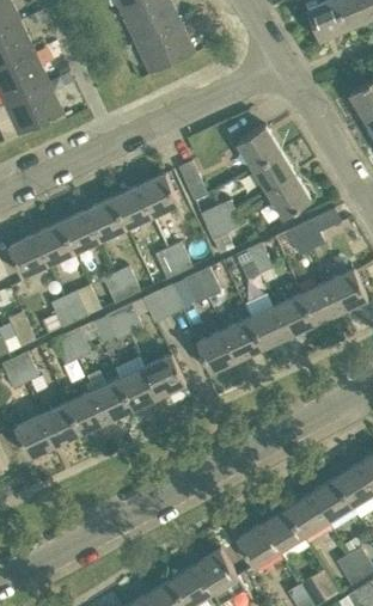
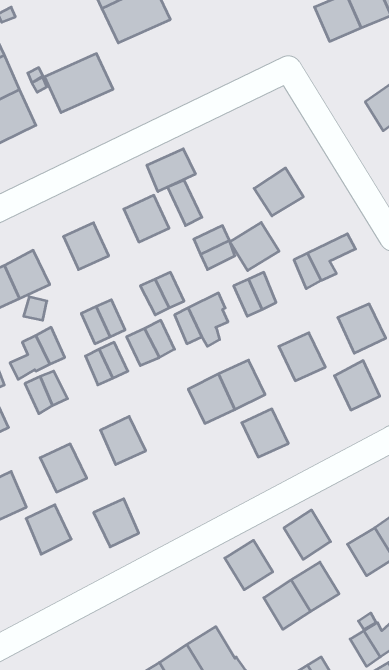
building: [134,22,194,73] -> [44,54,113,113]
building: [237,126,280,169] -> none
building: none -> [147,149,195,192]
building: [268,176,311,218] -> [230,222,279,271]
building: [112,186,152,227] -> none
building: [60,210,99,252] -> none
building: [300,281,340,324] -> [334,361,380,410]
building: [247,306,288,348] -> [242,409,288,457]
building: [143,354,184,397] -> none
building: [92,379,132,421] -> [94,499,139,547]
building: [41,403,80,446] -> [26,505,71,554]
building: [310,478,350,521] -> [284,510,331,559]
building: [236,525,277,568] -> [225,540,273,590]

